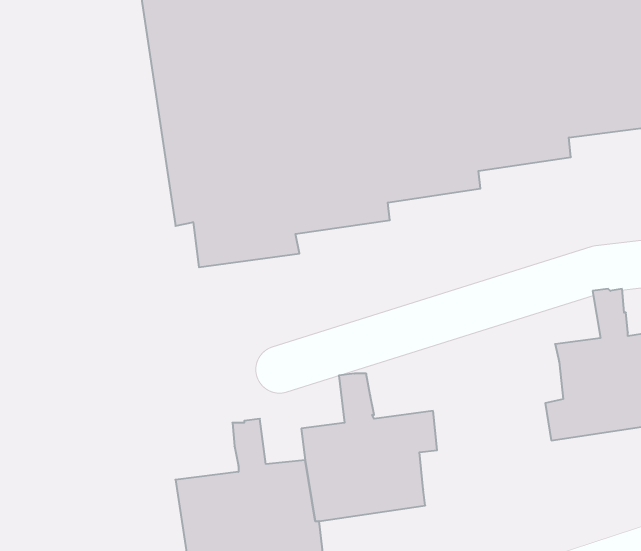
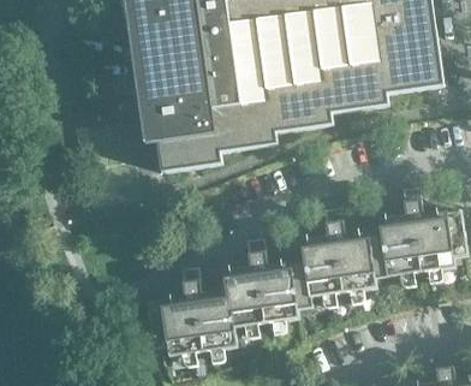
building: none -> [294,206,382,308]

